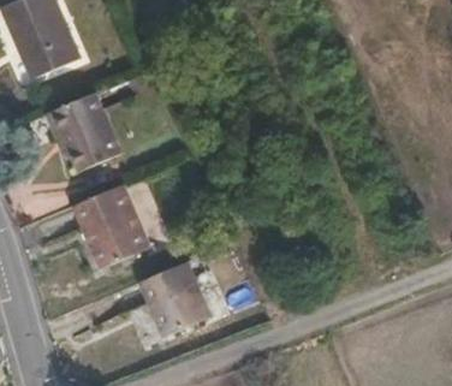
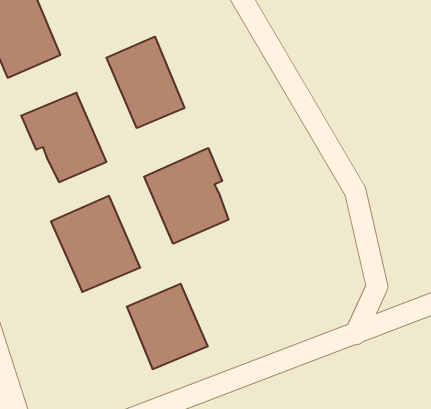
building: none -> [106,37,185,128]
building: none -> [144,148,228,244]

